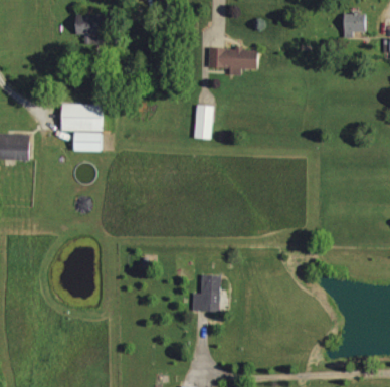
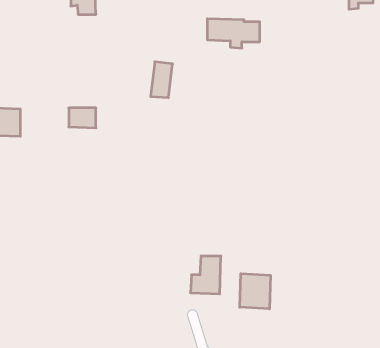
building: [61,104,102,132] -> none
building: [192,105,213,139] -> [151,62,173,98]
building: none -> [240,274,270,309]

